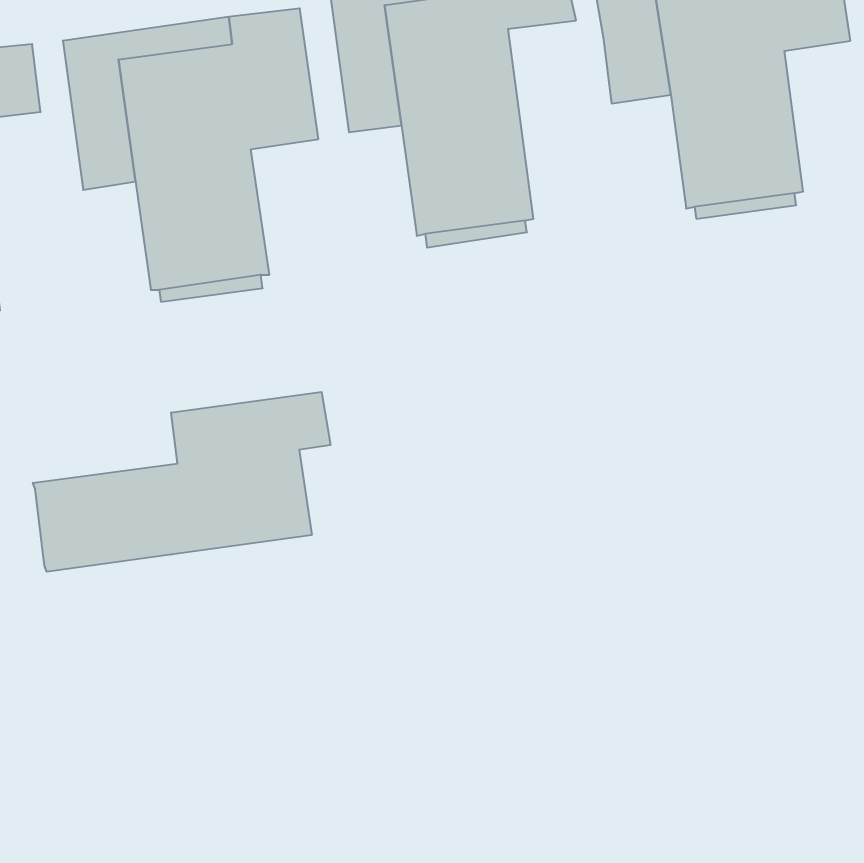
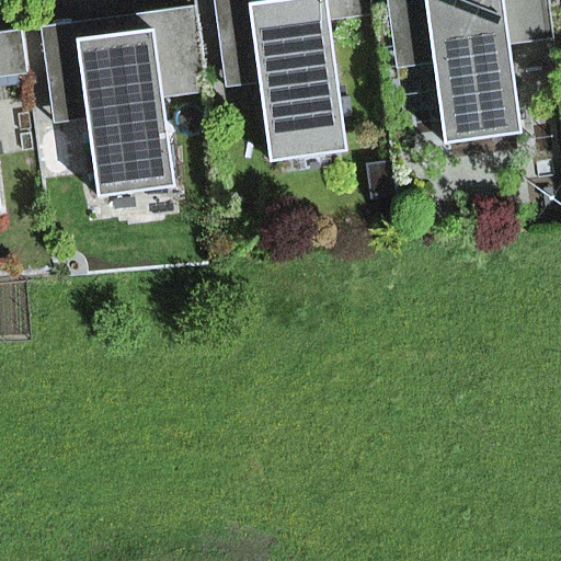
building: [33,392,330,572] -> none

